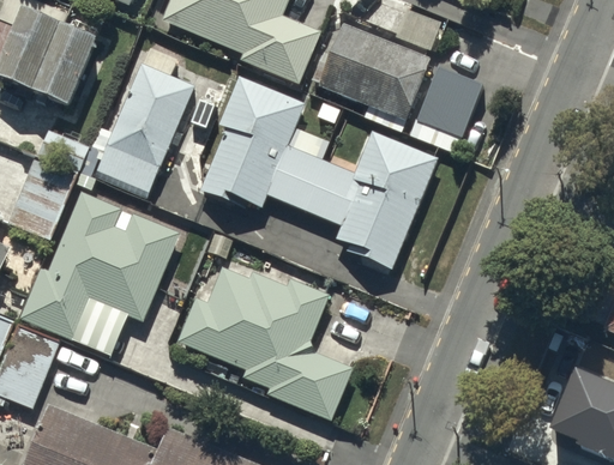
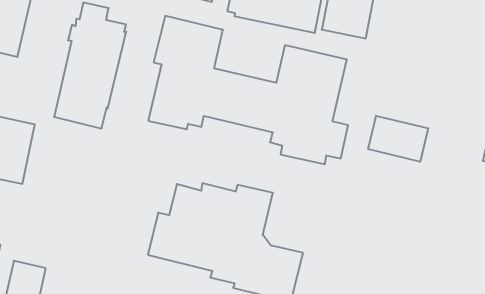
building: [17,200,177,349] -> none
building: none -> [368,116,428,162]

